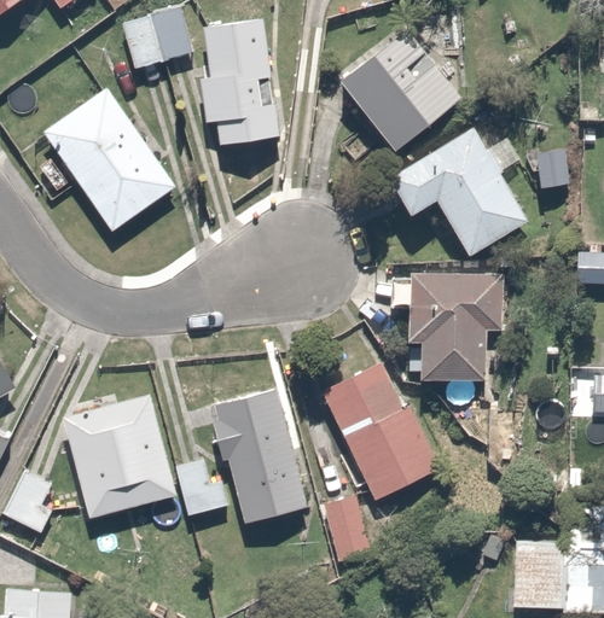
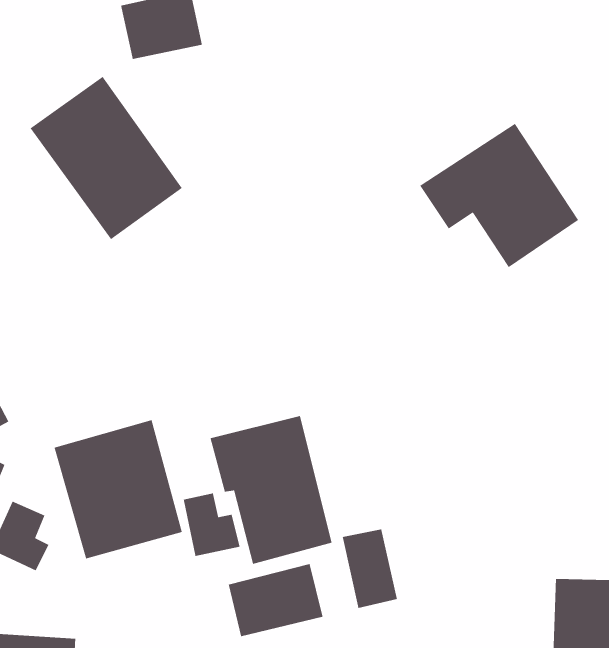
building: [197,21,267,144] -> none
building: [339,31,463,154] -> none
building: [408,270,507,386] -> none
building: [320,355,443,497] -> none
building: none -> [228,563,324,637]

